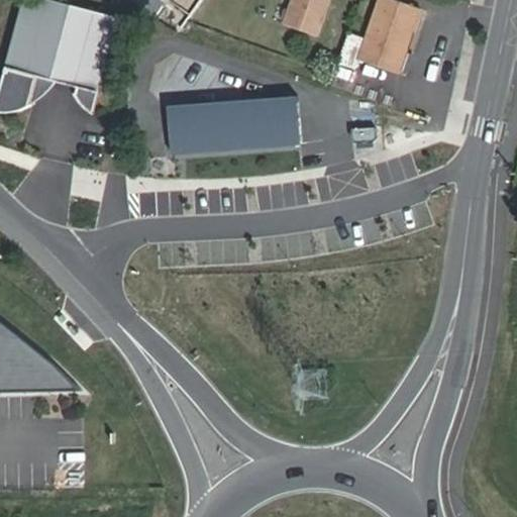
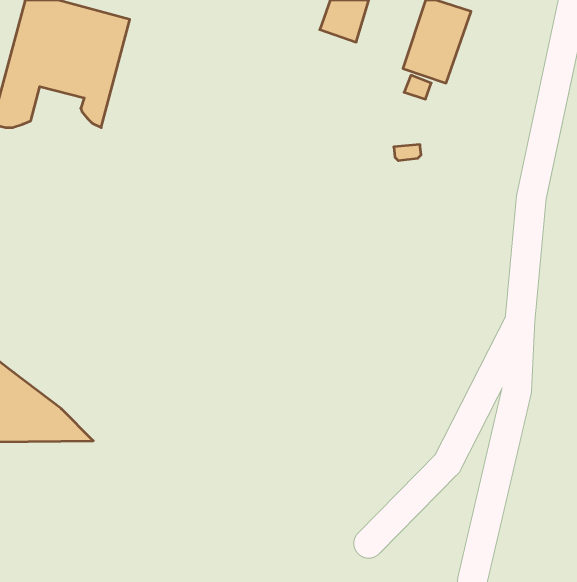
building: [168,97,299,153] -> none

